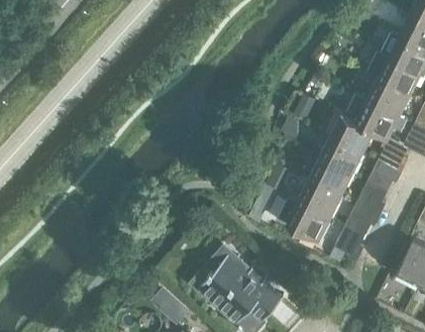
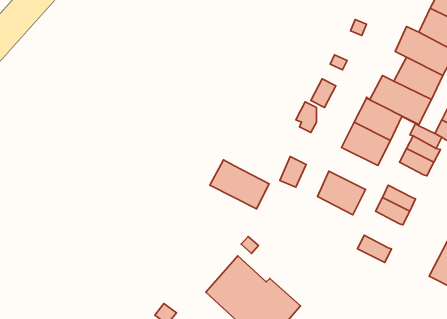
building: [309,157,352,195] -> none
building: [361,171,393,202] -> none
building: [278,196,330,239] -> [210,160,269,209]
building: [340,214,371,246] -> none

